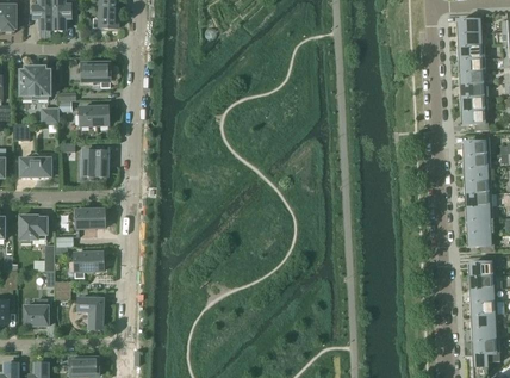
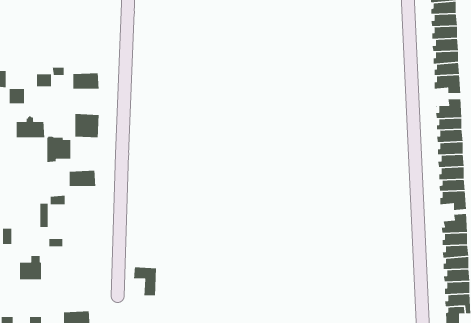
building: [81,62,110,86] -> none
building: [20,70,49,98] -> none
building: [20,213,46,242] -> [46,136,71,163]
building: [74,252,102,277] -> none
building: [77,297,102,328] -> [133,267,157,296]

